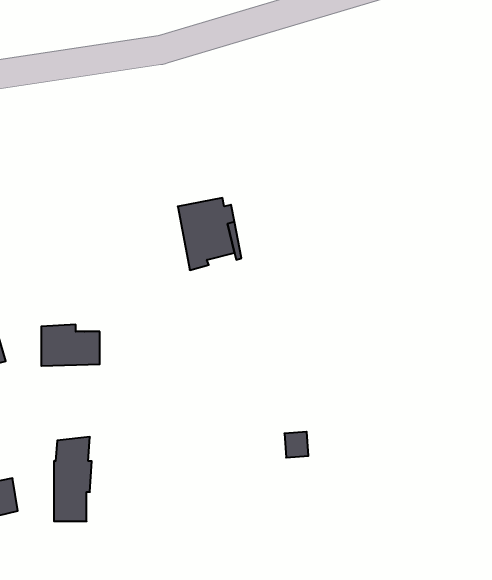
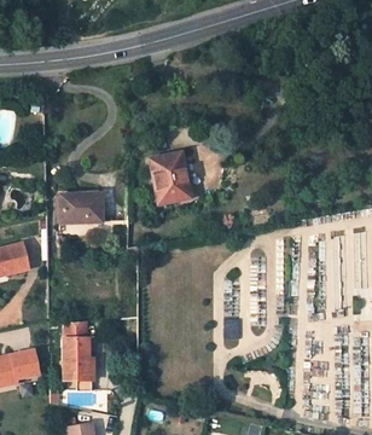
building: [41,325,100,366] -> [60,193,101,222]

